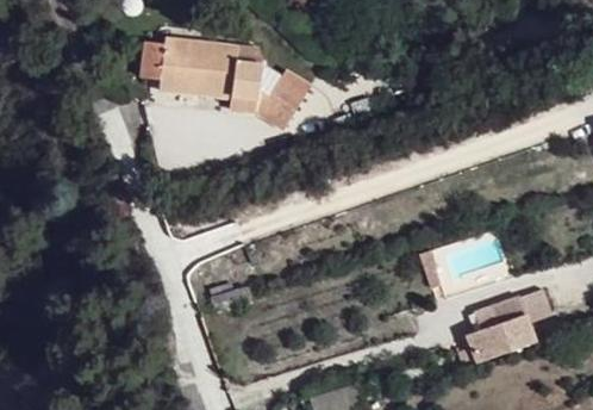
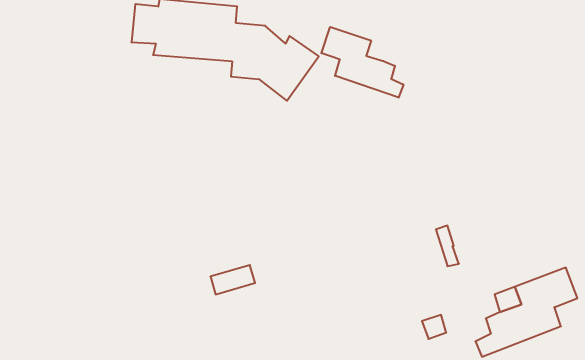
building: none -> [321,27,403,98]

